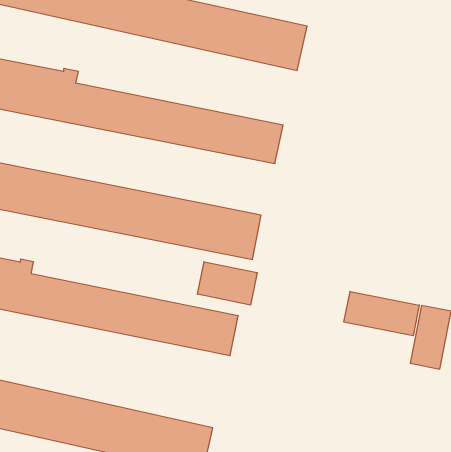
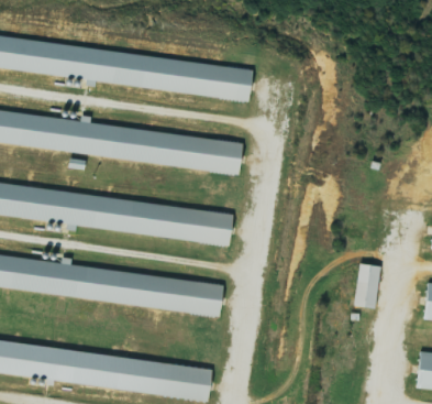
building: [197,262,257,305] -> none
building: [344,291,419,336] -> none

